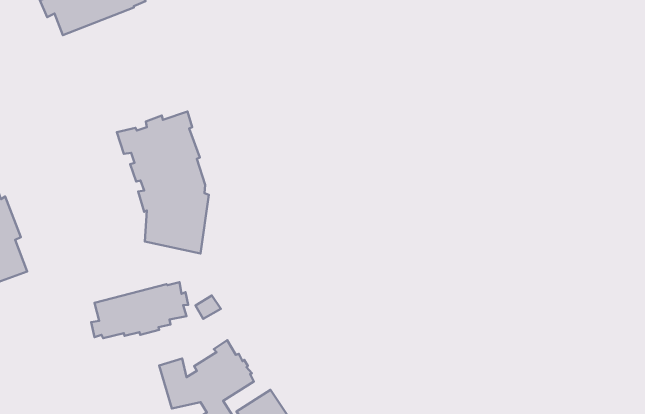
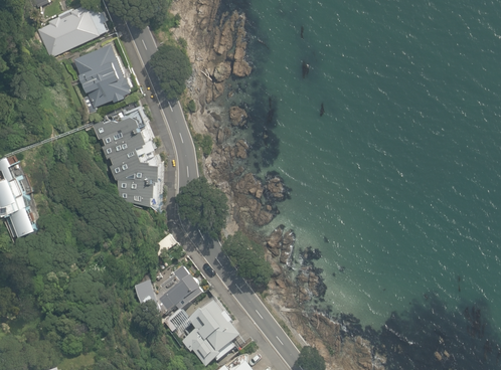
building: none -> [72,44,136,116]
building: [91,282,188,338] -> none

